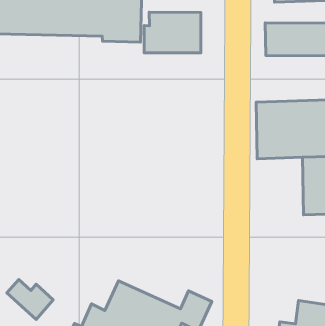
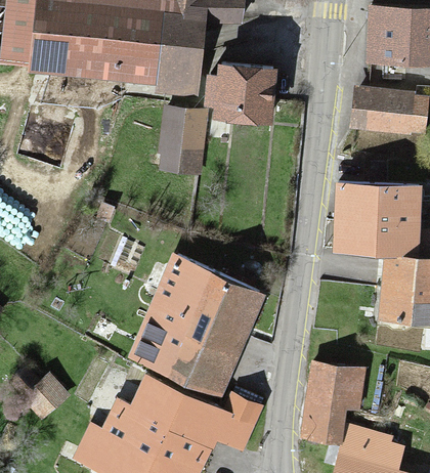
building: none -> [160,105,204,172]
building: none -> [129,259,261,396]
building: none -> [302,361,363,443]

